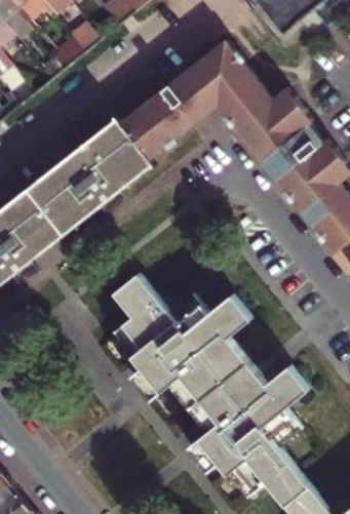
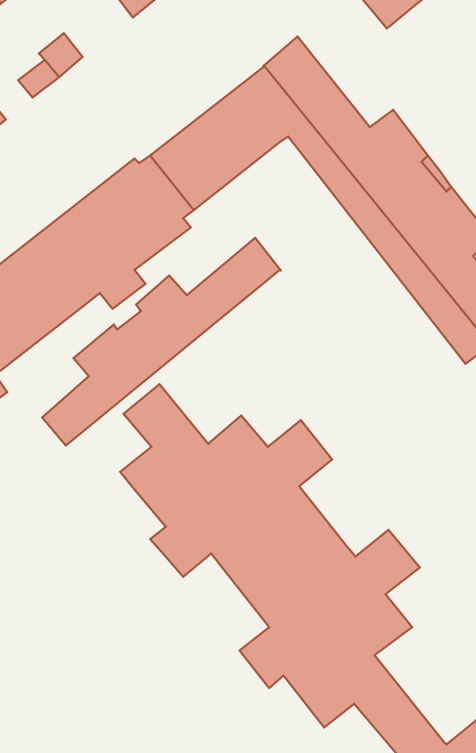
building: none -> [42,238,281,446]

